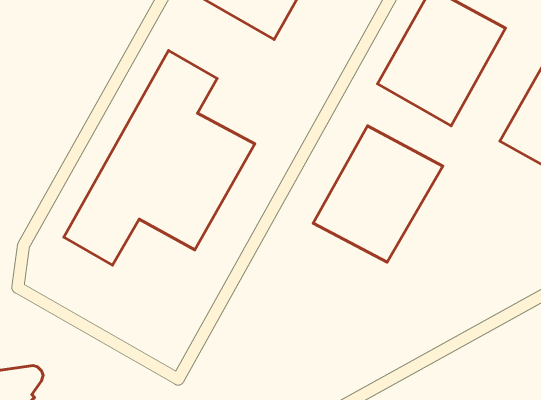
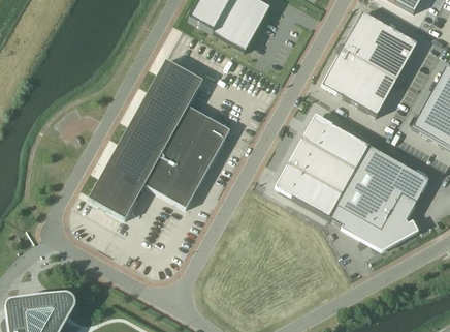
building: none -> [328,144,429,248]

